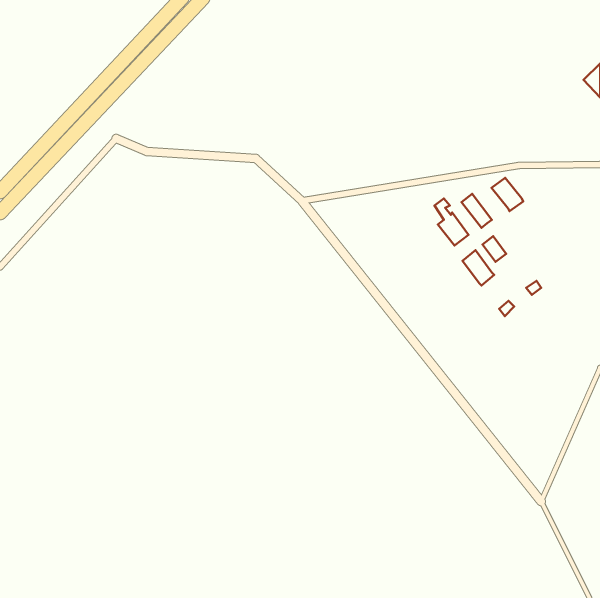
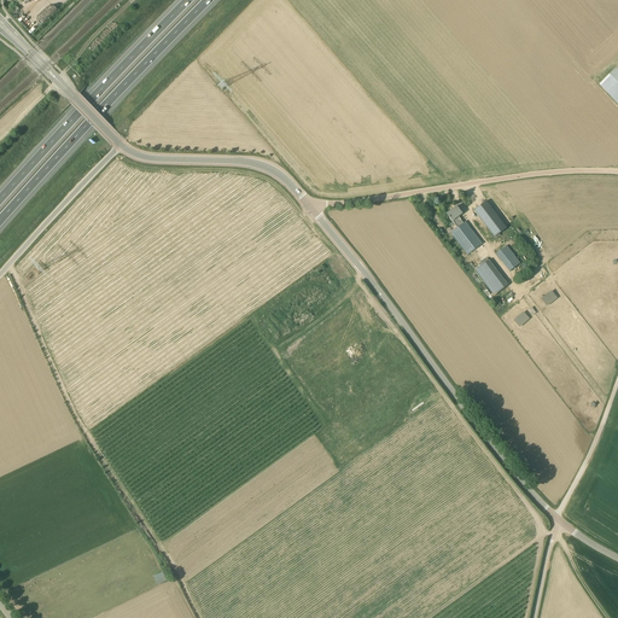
building: [491,178,523,211] -> none

